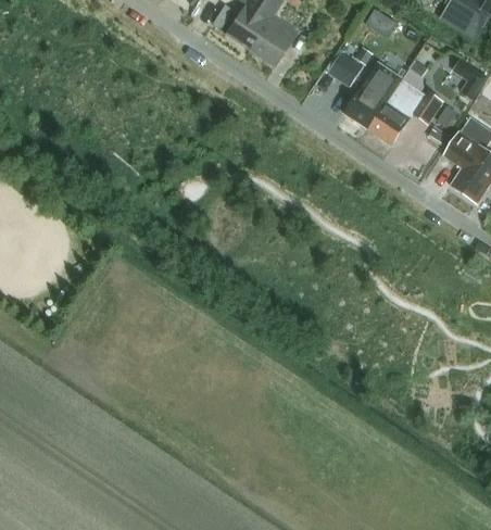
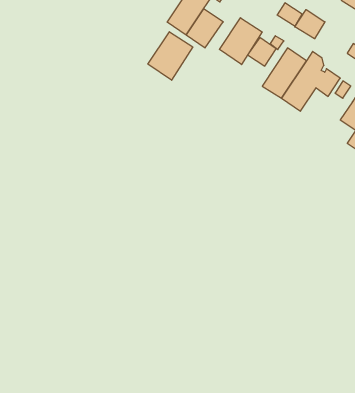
building: none -> [295,10,325,39]
building: none -> [219,18,262,65]
building: none -> [148,32,193,80]

